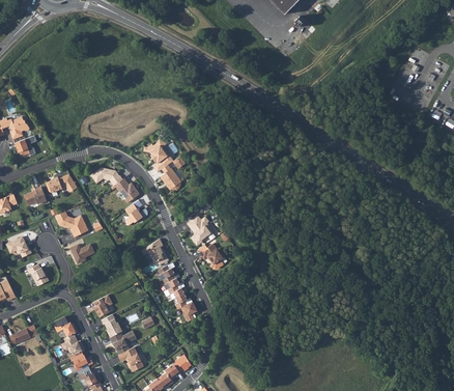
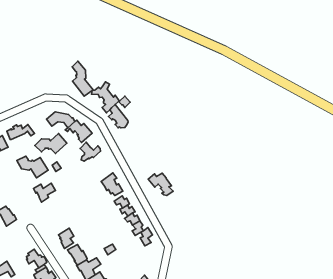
building: none -> [72,61,93,96]
building: none -> [35,133,67,154]
building: [186,216,210,246] -> none

